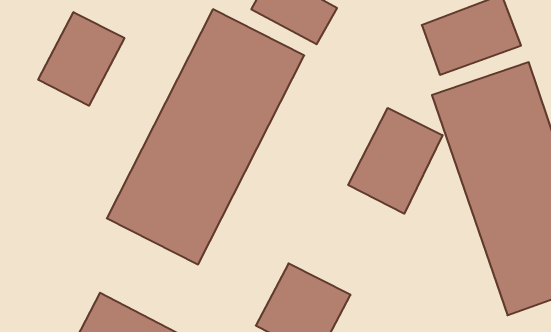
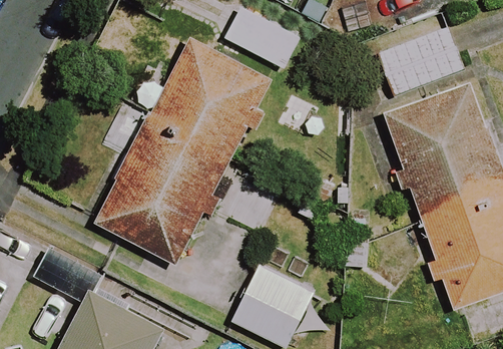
building: [38,12,124,106] -> none
building: [348,108,443,214] -> none

